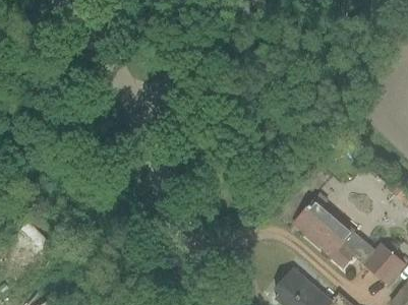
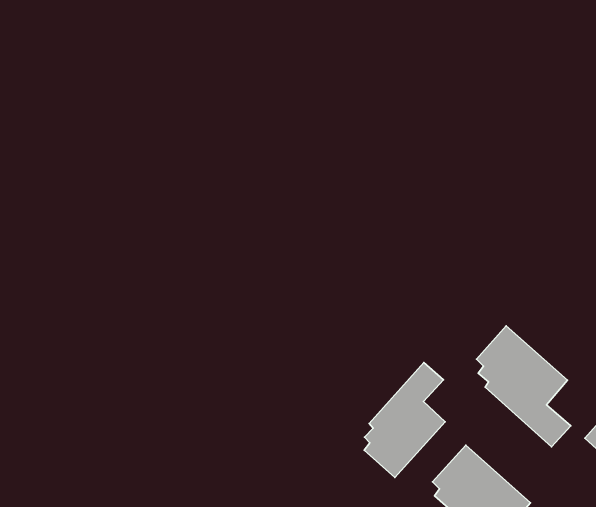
building: none -> [364,363,445,477]

